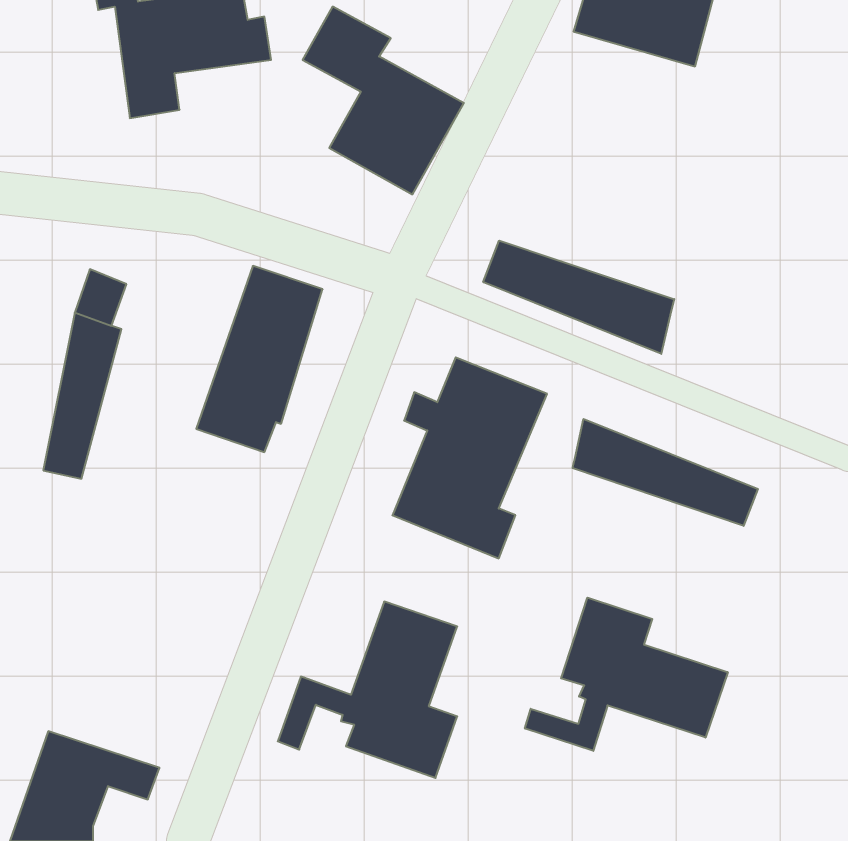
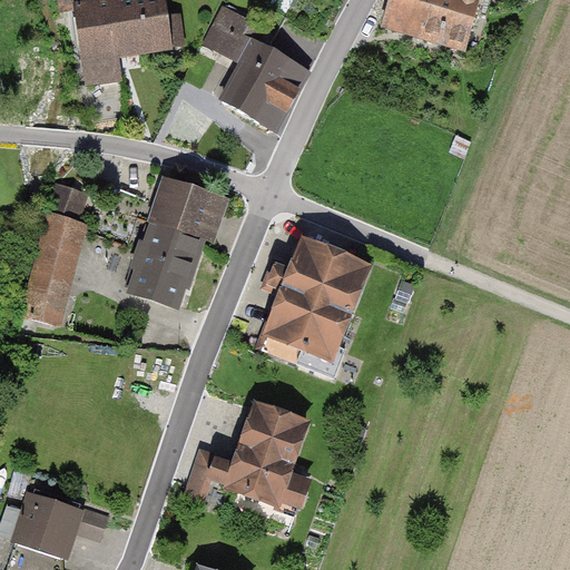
building: [483,241,674,354] -> none
building: [573,419,758,526] -> none
building: [525,598,728,751] -> none

